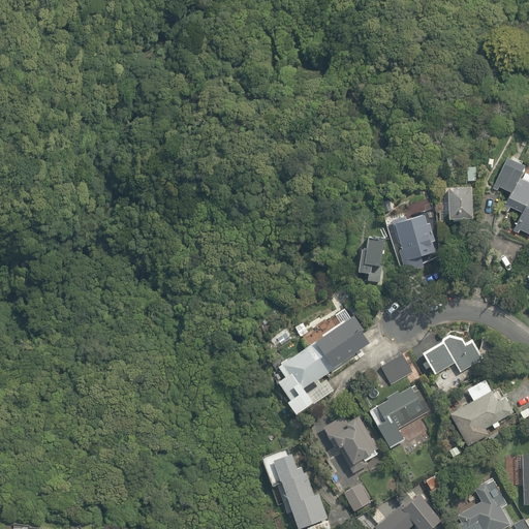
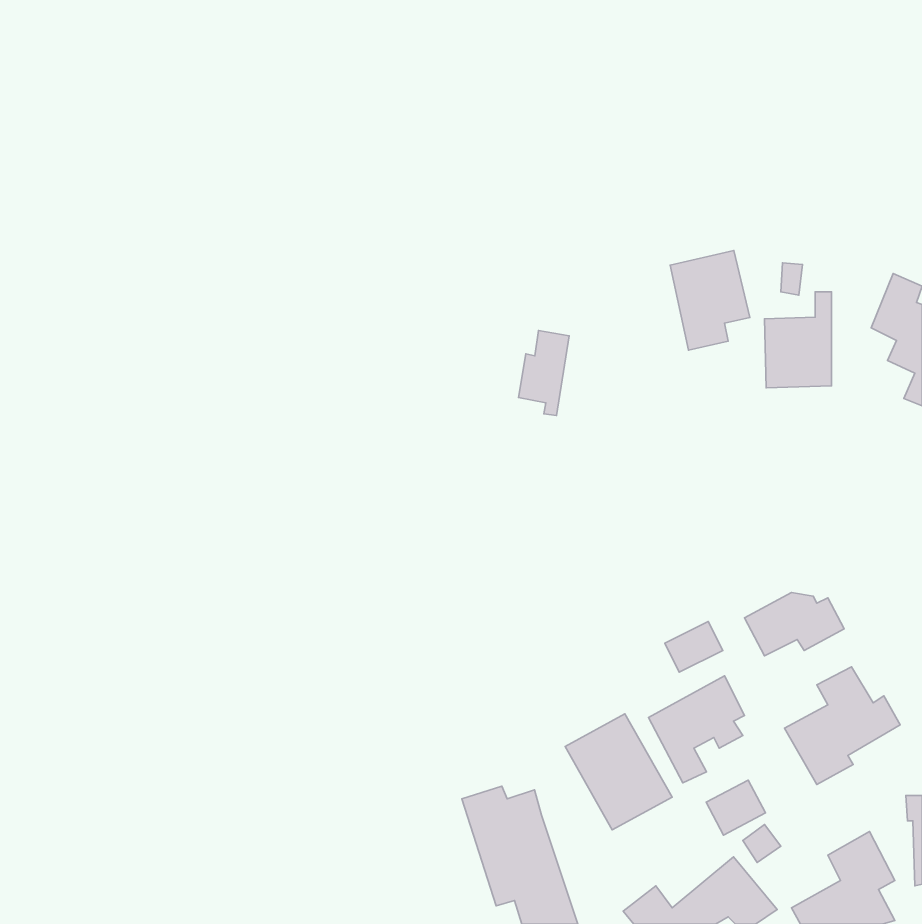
building: [393,215,438,272] -> [670,251,750,350]
building: [355,235,384,283] -> [518,330,569,415]
building: [277,318,372,413] -> none
building: none -> [706,780,766,835]
building: [342,481,370,510] -> none

